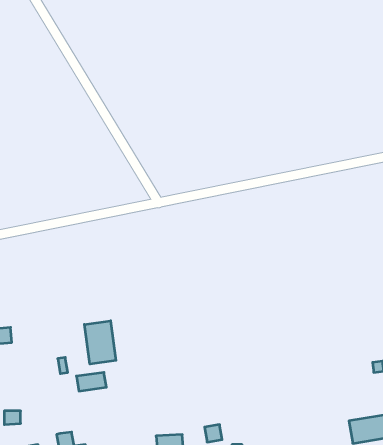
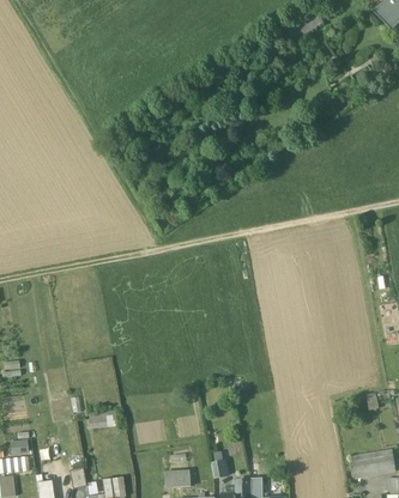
building: [84,321,116,364] -> none

